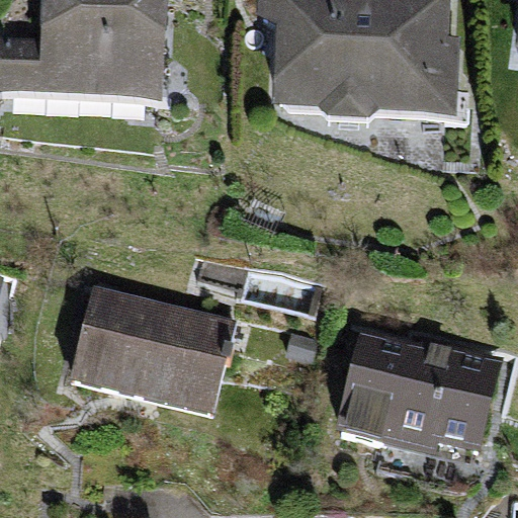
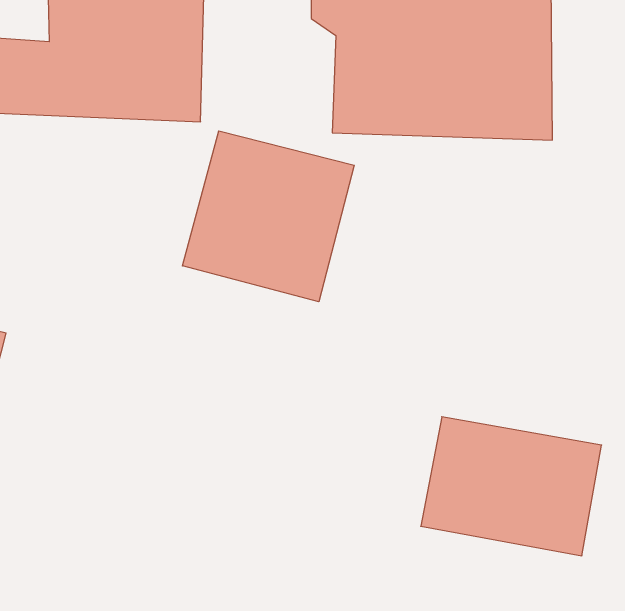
building: none -> [182,131,354,302]
building: [69,280,236,420] -> none

